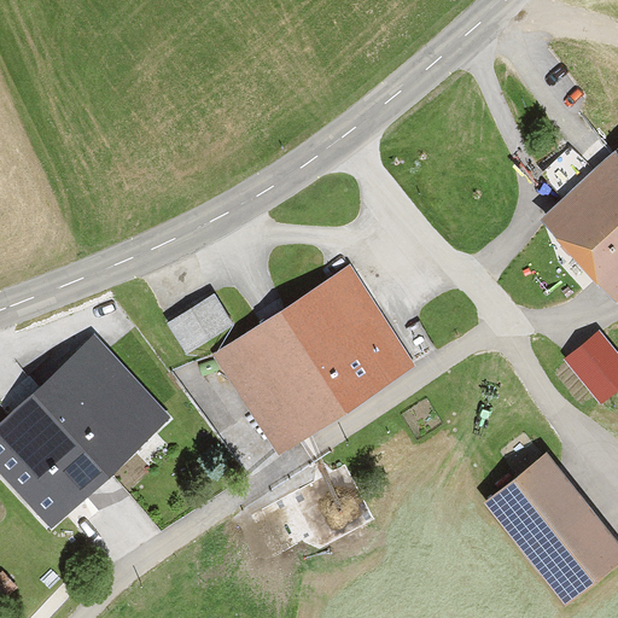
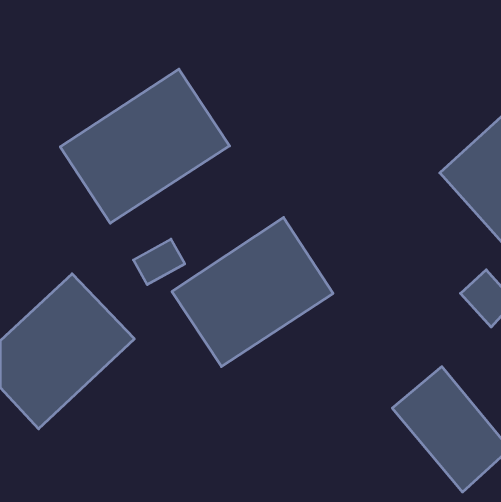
building: none -> [60,69,230,223]

